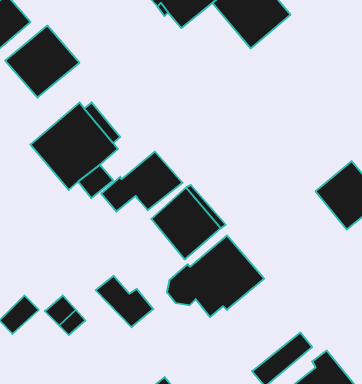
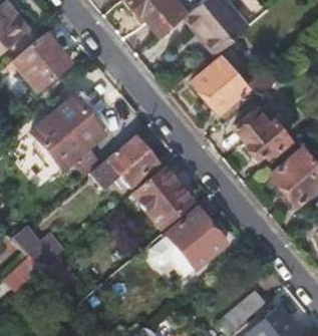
building: none -> [191,51,280,112]
building: none -> [236,106,290,155]
building: [96,276,153,327] -> [11,227,59,270]

